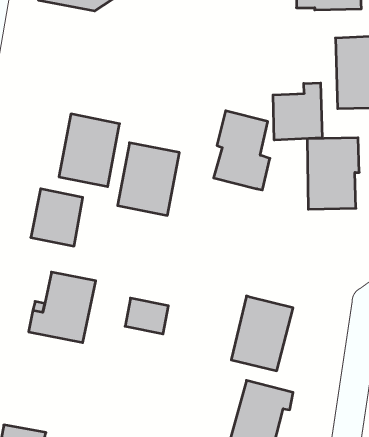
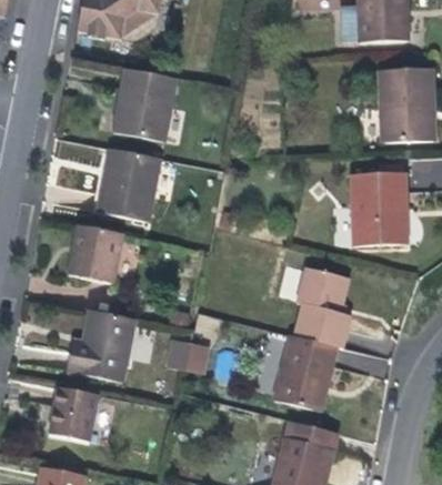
building: [273,83,322,140] -> none
building: [214,111,270,190] -> [293,266,351,347]
building: [118,143,179,215] -> [113,68,177,142]
building: none -> [49,386,98,442]

